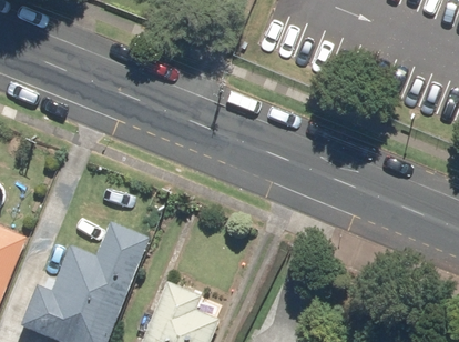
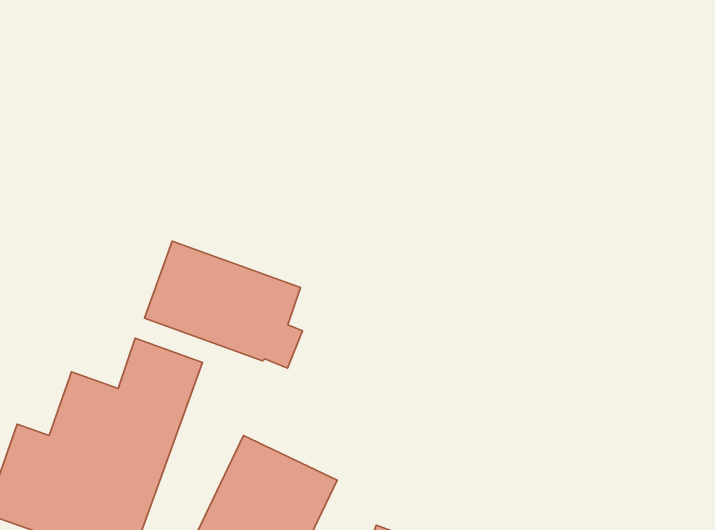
building: none -> [144,241,302,368]

